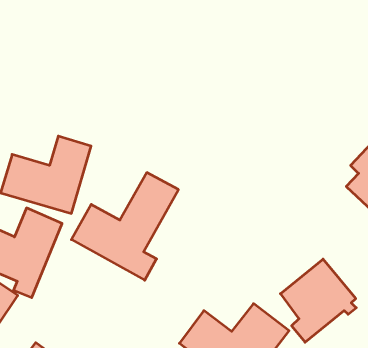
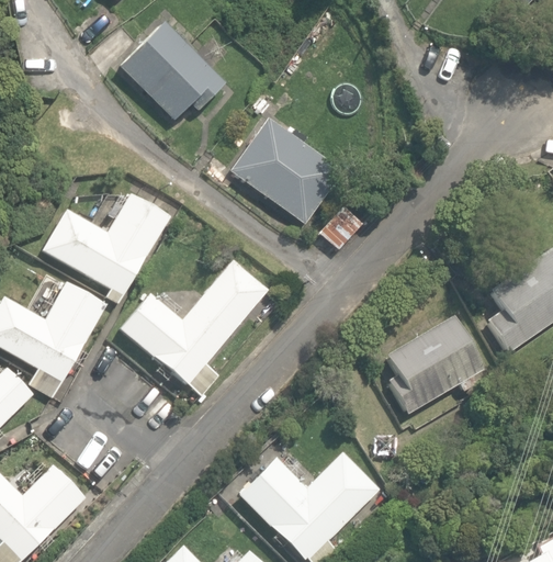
building: none -> [120,29,230,123]
building: none -> [223,113,342,229]
building: [280,259,356,342] -> [385,313,482,417]

